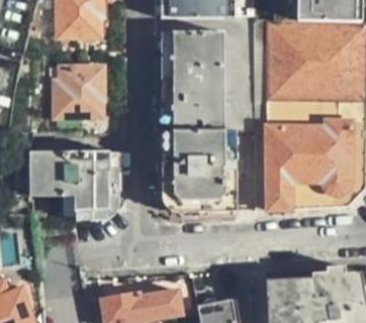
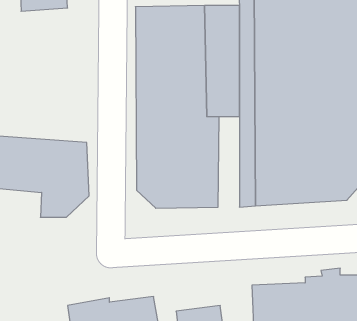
building: [58,64,116,134] -> none

